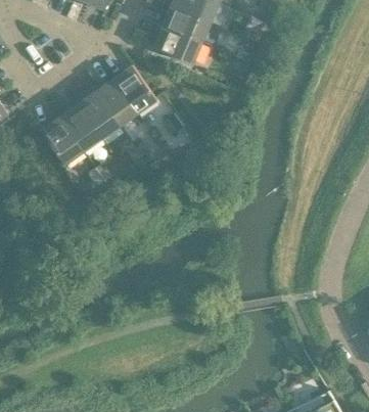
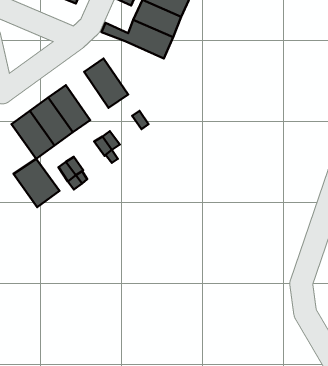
building: [94,78,137,126] -> none
building: none -> [14,159,59,207]

